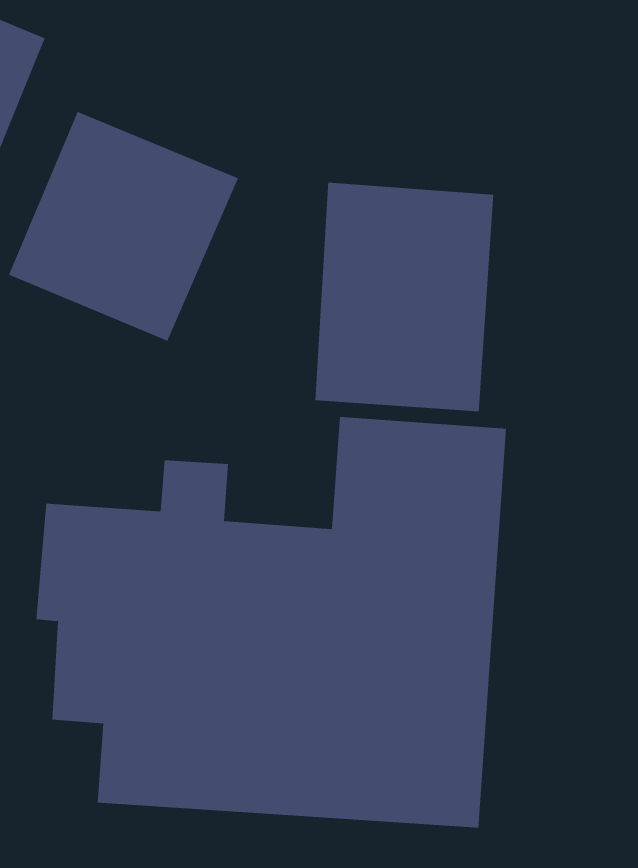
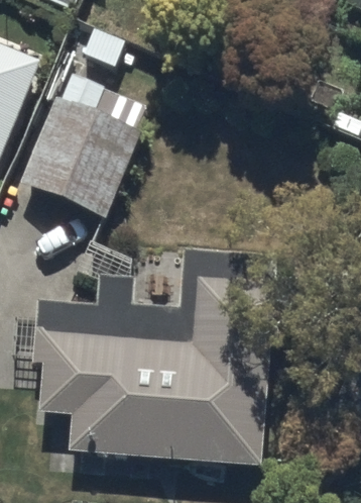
building: [315,182,494,412] -> none

